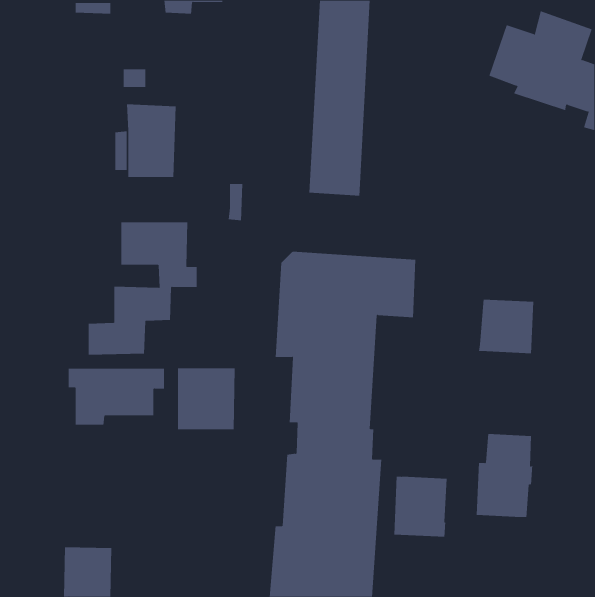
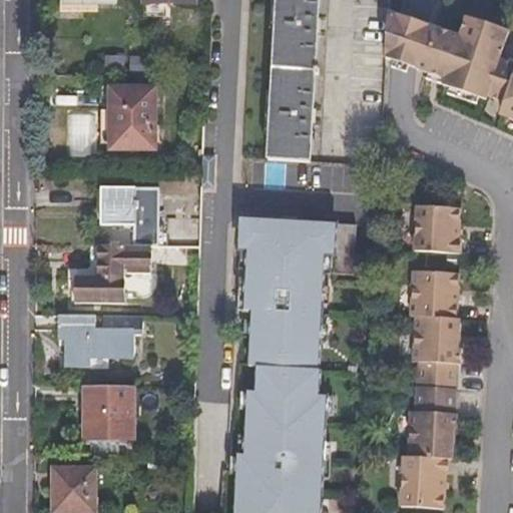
building: none -> [388,6,434,65]
building: none -> [416,190,460,239]
building: none -> [415,302,461,374]
building: [177,368,236,430] -> [83,387,133,440]
building: [394,476,447,537] -> [401,442,447,494]

